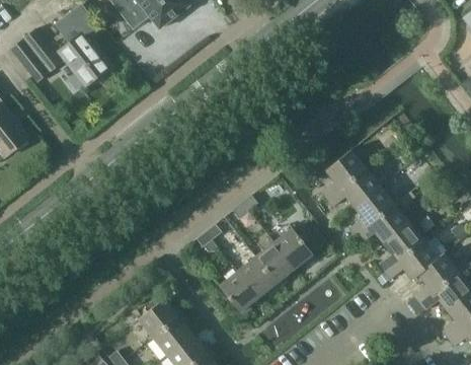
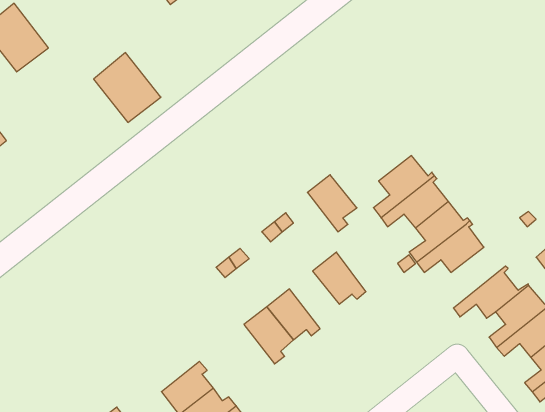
building: [57,31,110,87] -> [94,53,161,122]
building: [378,223,426,272] -> none
building: [254,242,294,288] -> [307,175,357,232]
building: [137,298,182,339] -> none

